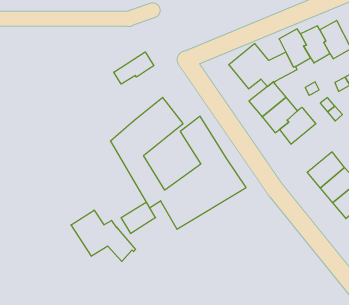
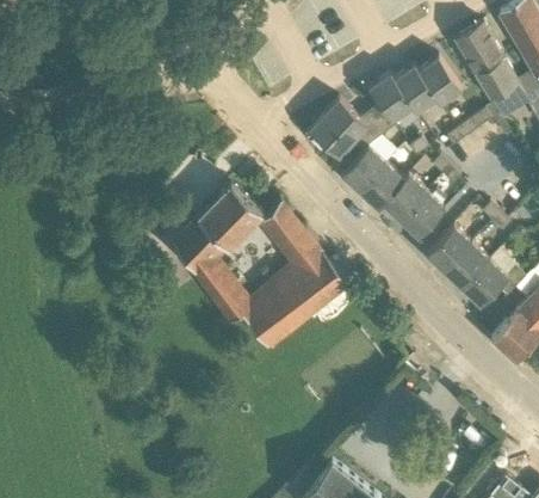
building: [114,52,154,84] -> none
building: none -> [401,192,447,239]
building: [121,202,156,234] -> none
building: [71,210,136,261] -> none

